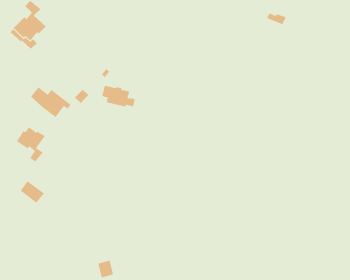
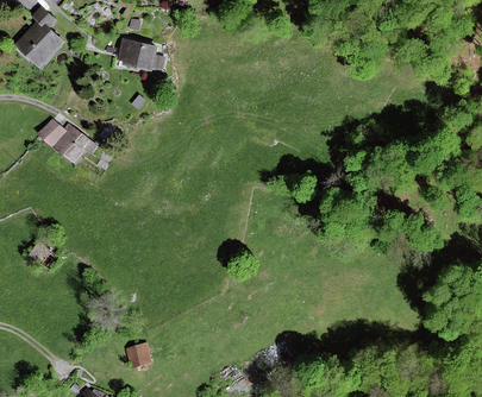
building: [101,85,136,107] -> [119,40,163,69]
building: [16,126,45,163] -> none

